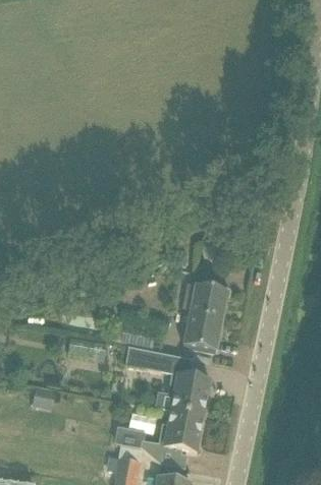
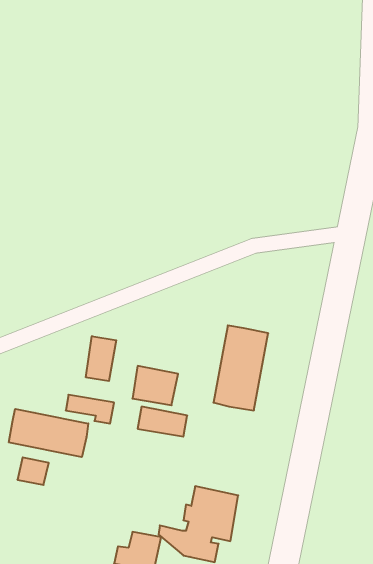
building: none -> [86,336,116,381]
building: none -> [9,409,88,457]
building: [167,372,209,415] -> none

